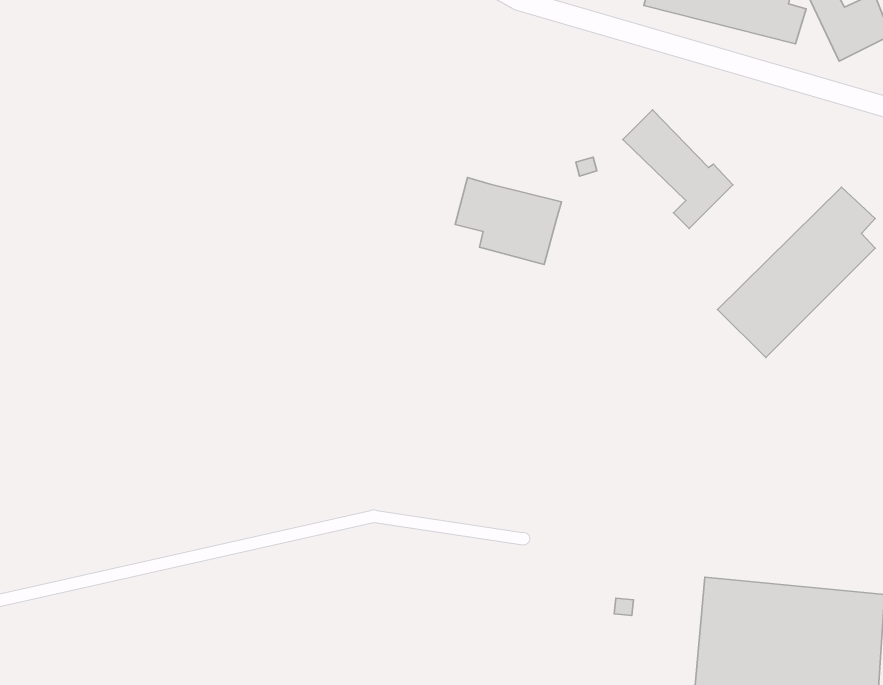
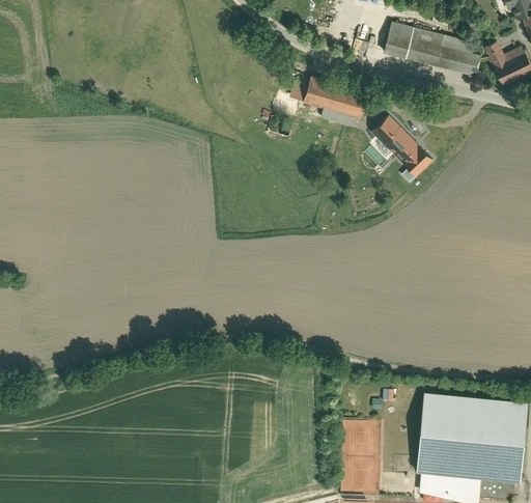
building: [455,177,562,264] -> [308,76,371,128]
building: [717,187,875,358] -> none

